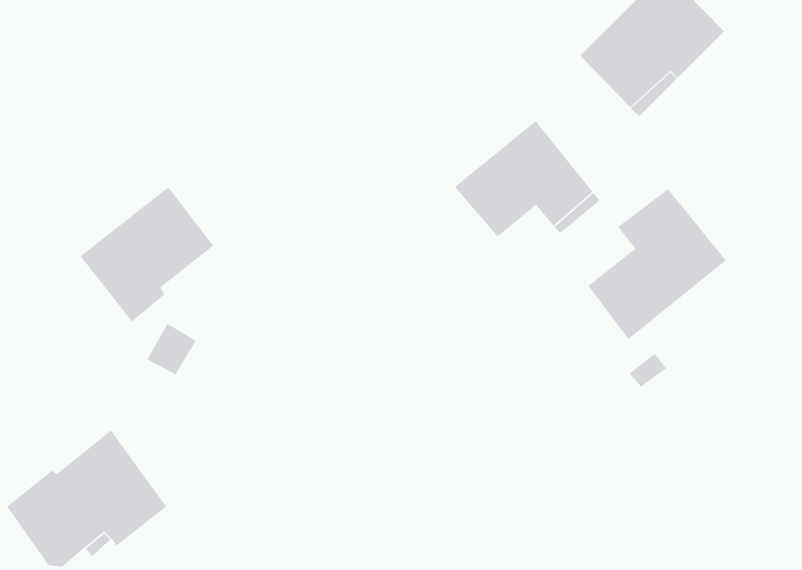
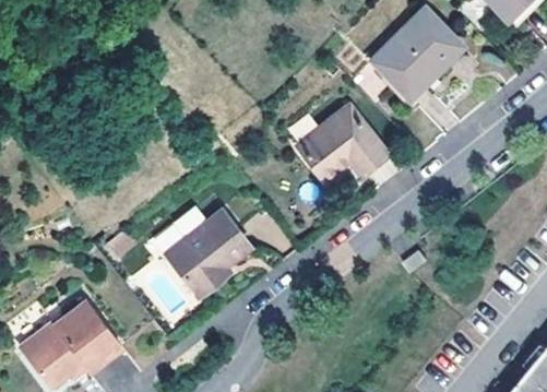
building: [79,186,214,323] -> [164,212,248,297]
building: [587,188,727,340] -> none

